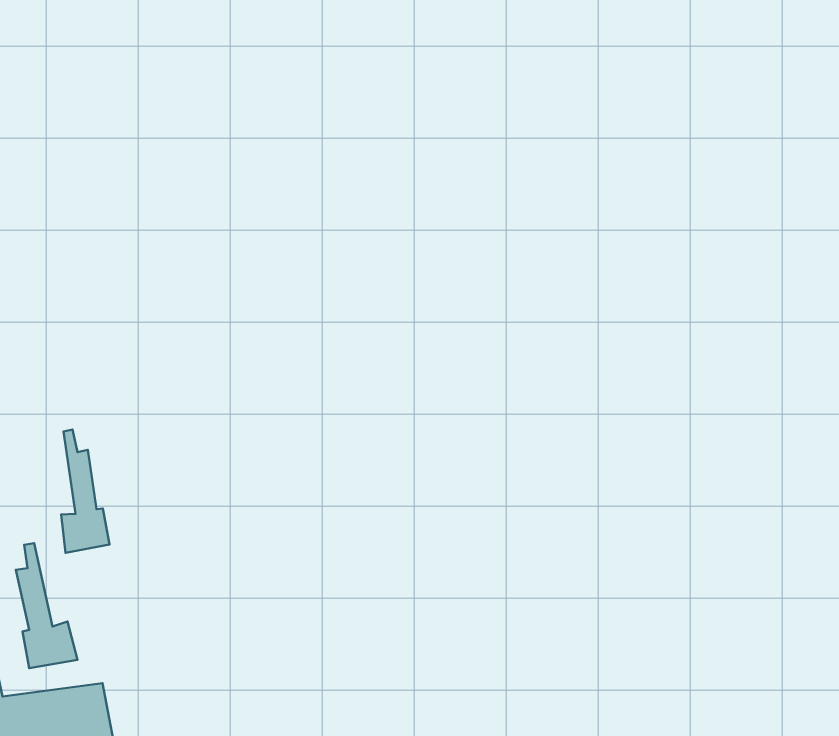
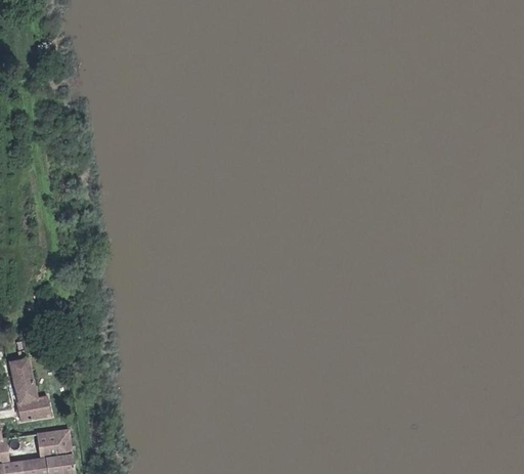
building: [61,430,109,553] -> none

